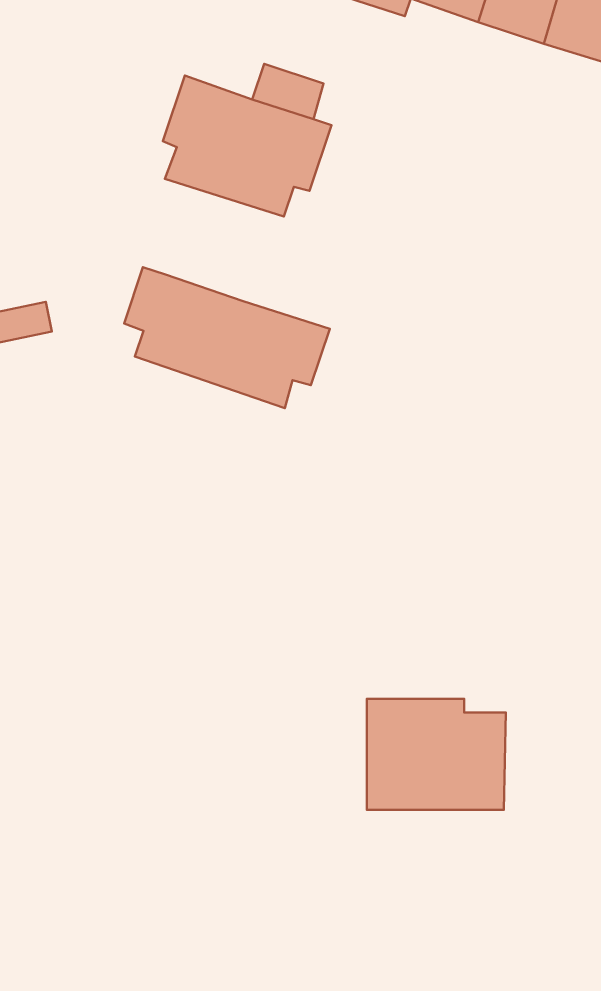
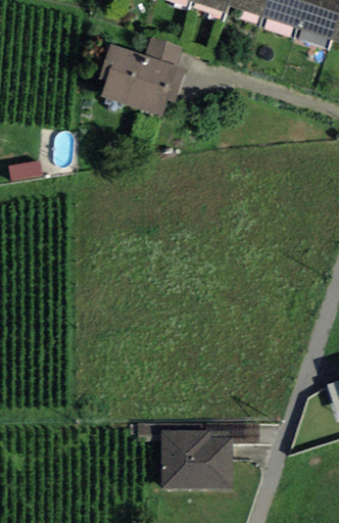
building: [124,267,330,408] -> none
building: [367,699,506,810] -> [161,431,233,488]

